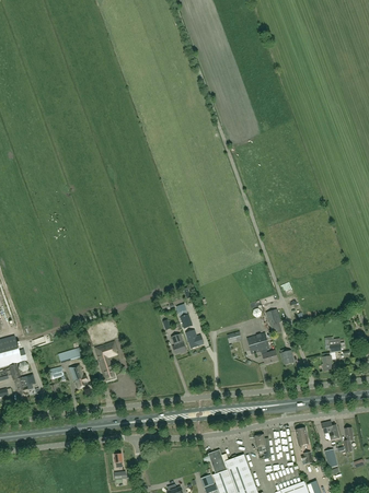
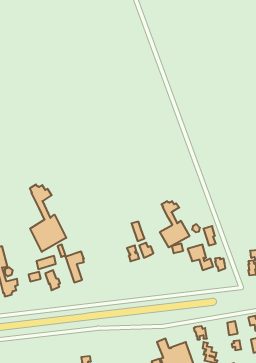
building: none -> [30,184,66,252]
building: none -> [160,201,189,247]

